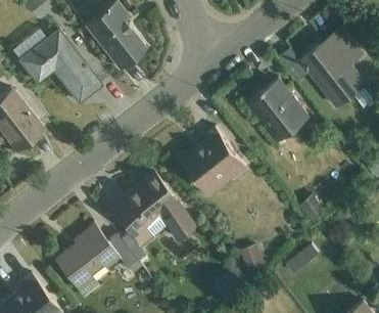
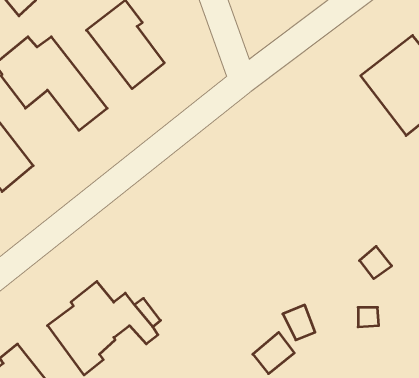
building: [247,79,309,142] -> none
building: [179,128,245,198] -> none
building: [113,175,194,243] -> none

